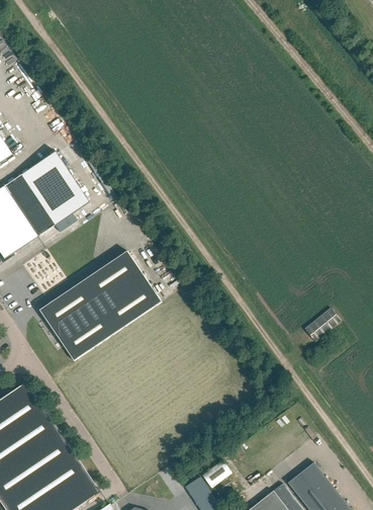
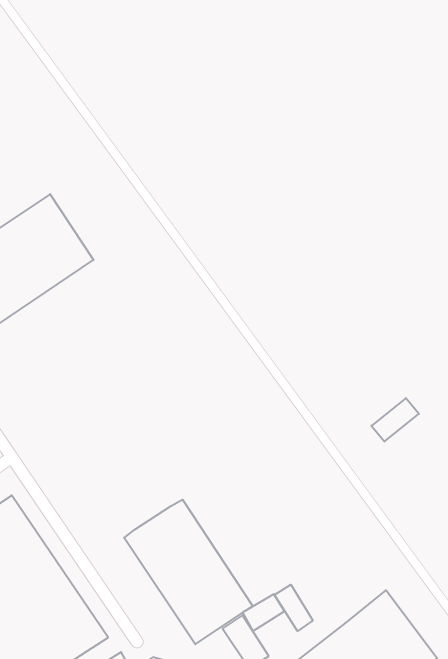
building: [39,251,161,360] -> none
building: none -> [124,500,253,644]
building: none -> [274,585,313,631]

